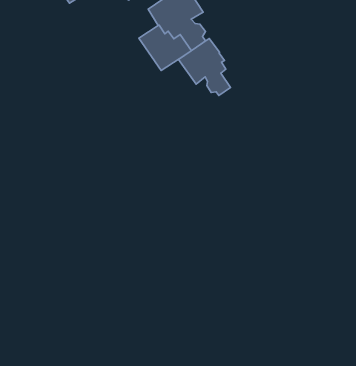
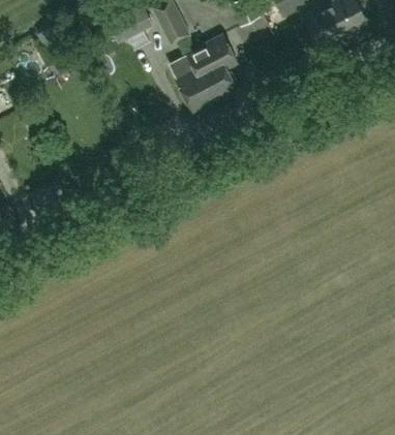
building: [178,39,231,96] -> none

